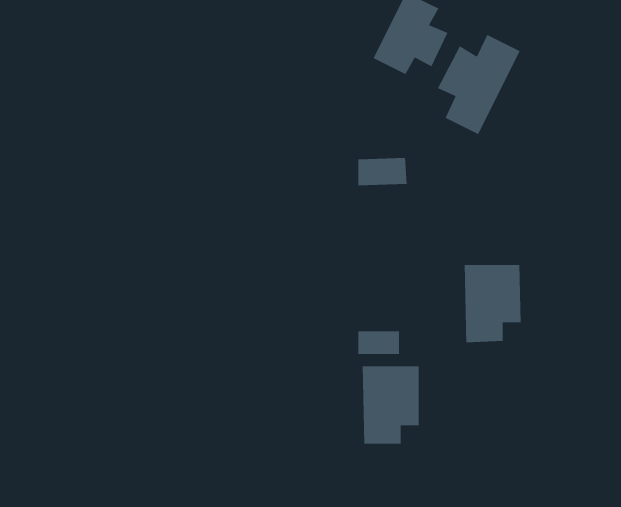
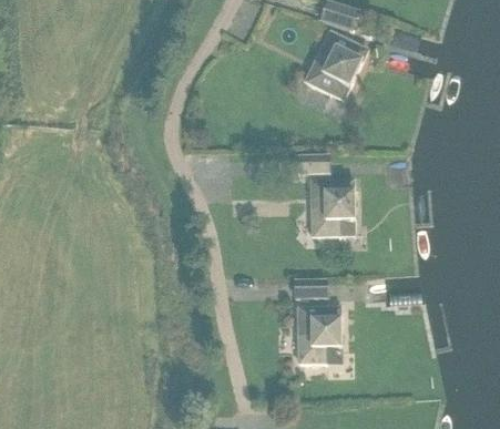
building: [437,34,521,135] -> none
building: [464,264,522,343] -> [312,180,354,237]

